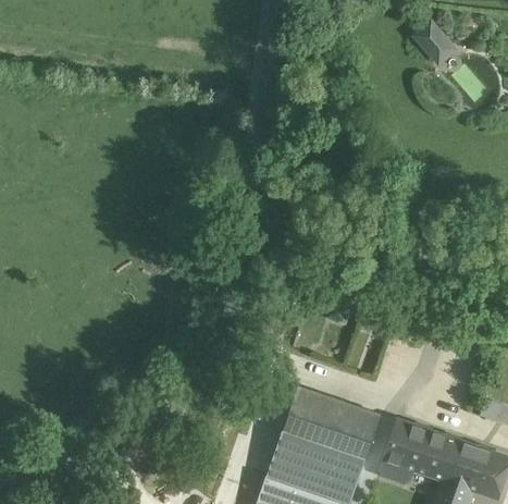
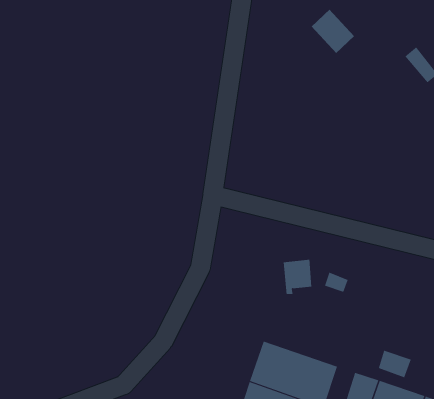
building: [411,19,460,69] -> [311,9,355,54]
building: none -> [378,350,411,378]

